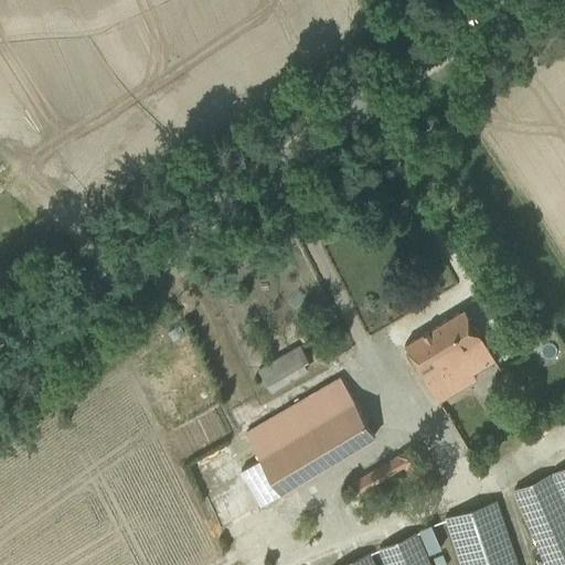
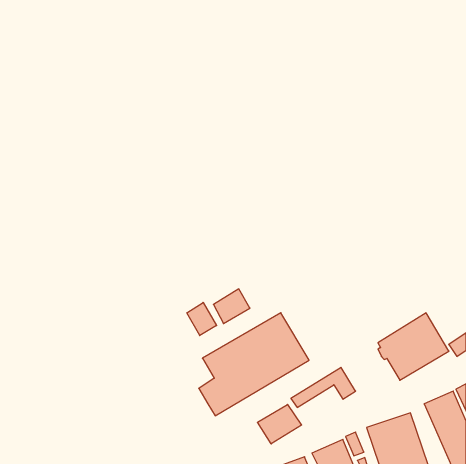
building: [405,310,491,392] -> [378,313,449,380]
building: none -> [187,302,217,336]
building: none -> [257,404,302,444]

